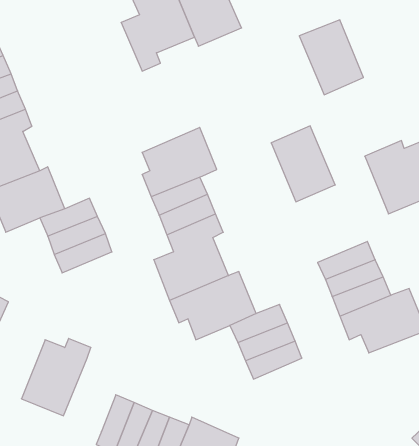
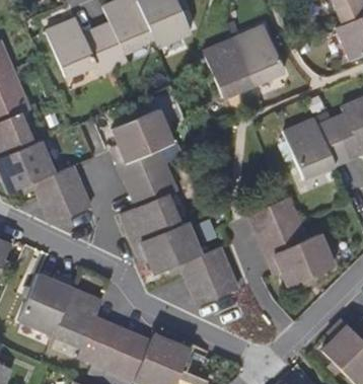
building: none -> [48,19,114,77]
building: [271,126,335,202] -> [205,40,255,98]
building: none -> [53,289,100,345]

